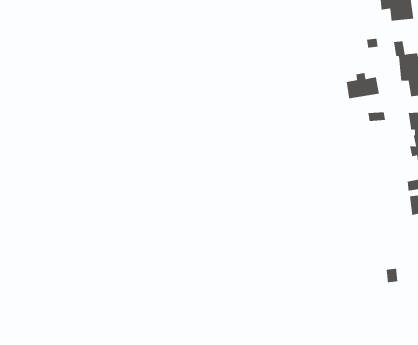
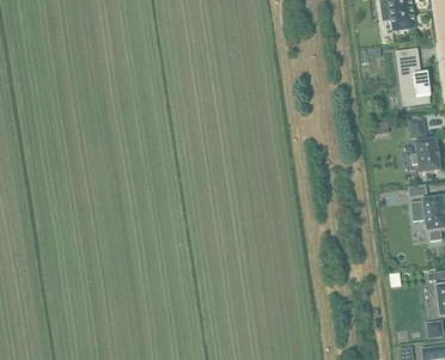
building: [346,72,380,99] -> none

